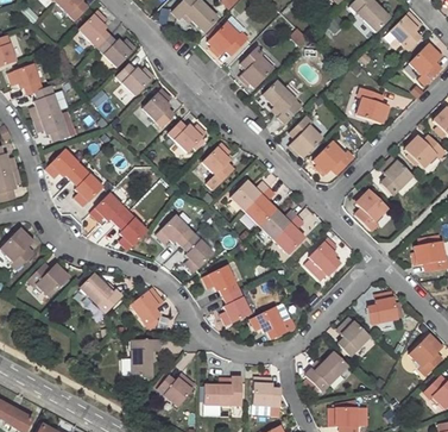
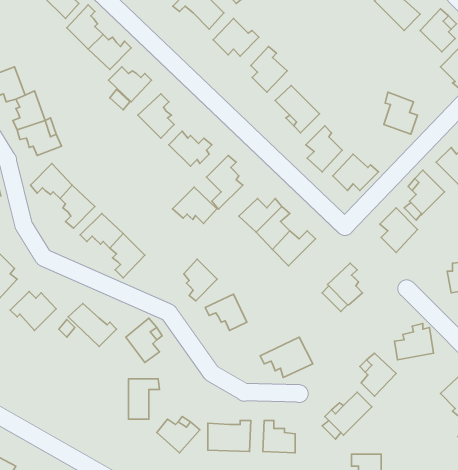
building: [154,215,194,248] -> [173,187,217,224]
building: [275,217,304,255] -> none
building: [221,290,250,326] -> none

